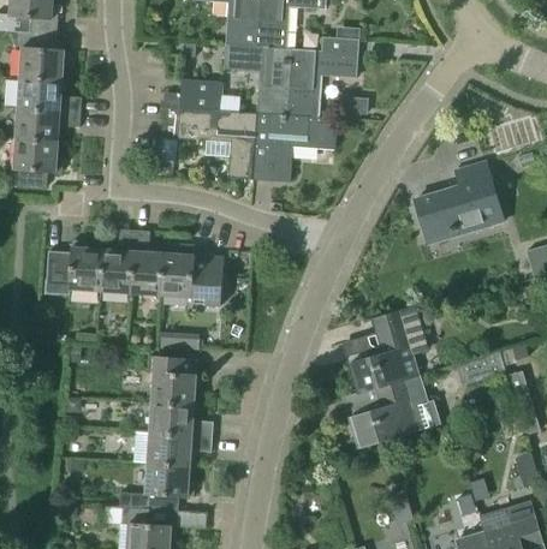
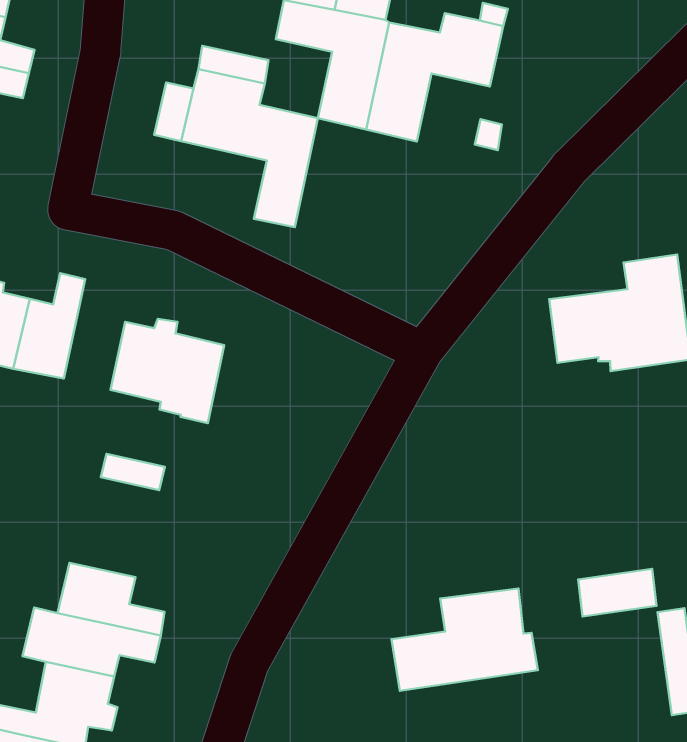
building: [254,112,338,181] -> none
building: [130,229,161,293] -> none
building: [350,305,427,390] -> none
building: [145,354,200,402] -> none

